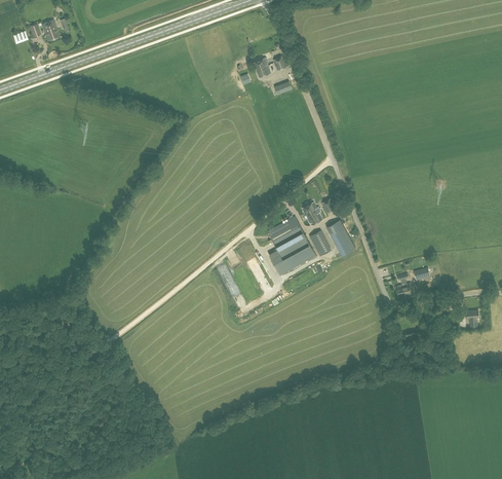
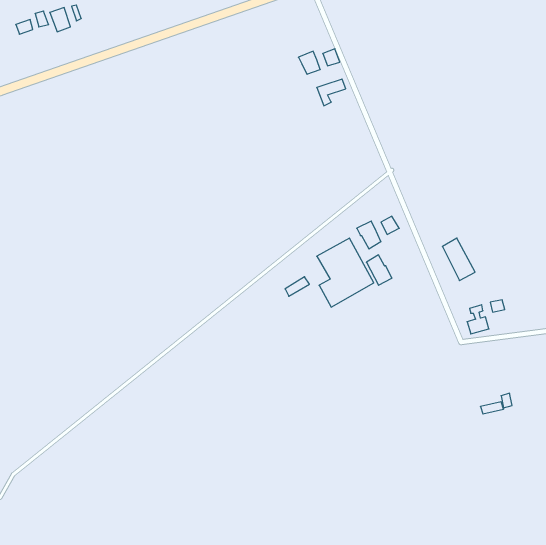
building: [326,220,354,256] -> [442,238,475,281]

